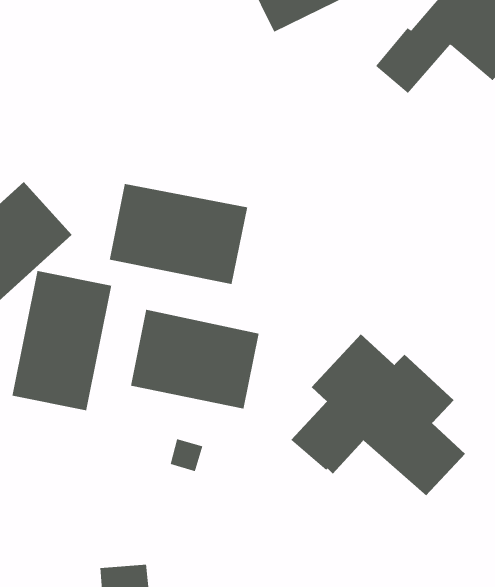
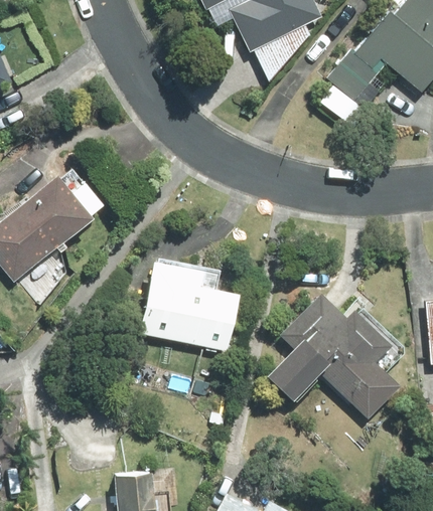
building: [109,183,248,285] -> none
building: [12,270,112,411] -> none

